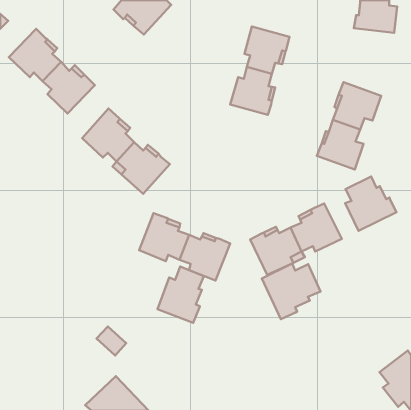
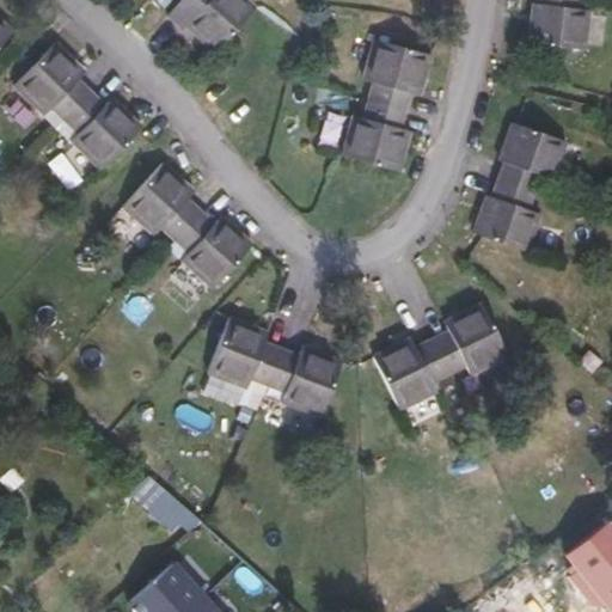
building: [345,177,396,231] -> none
building: [262,264,321,319] -> none
building: [158,267,204,323] -> none

